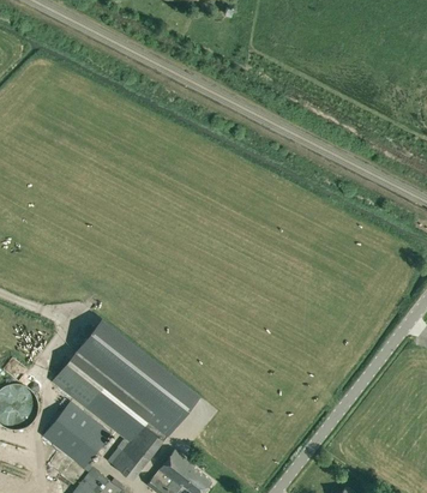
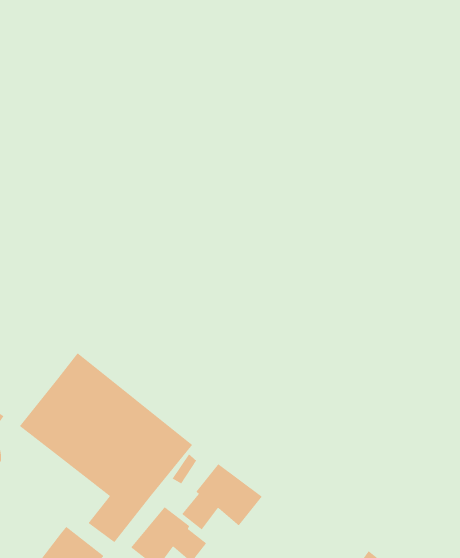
building: [42,399,112,468] -> none
building: none -> [181,463,263,531]

